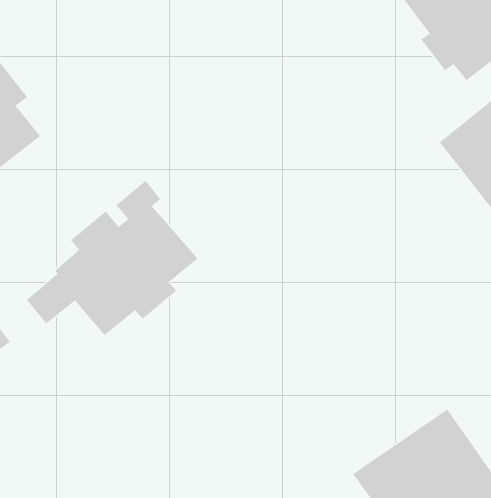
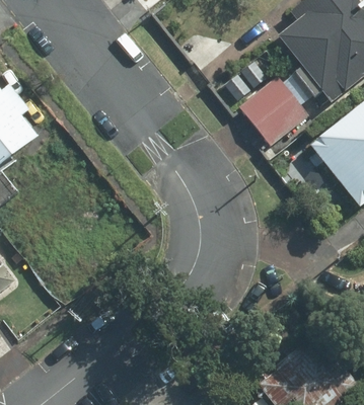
building: none -> [243,75,311,143]
building: [26,180,199,336] -> none

